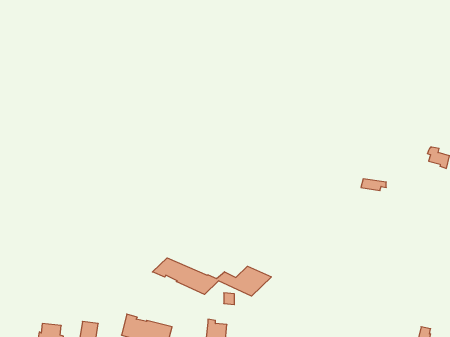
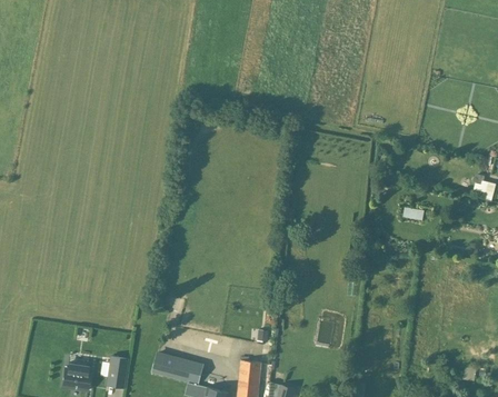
building: [152,258,271,296] -> none

